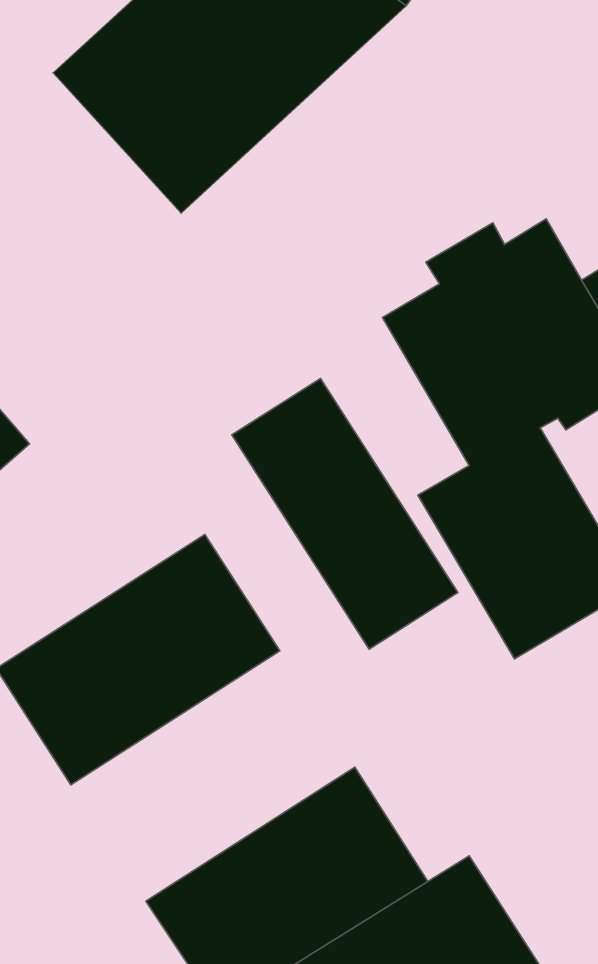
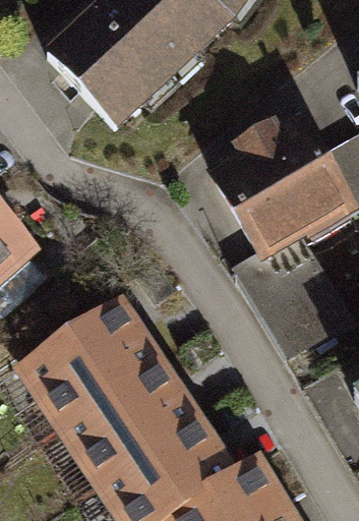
building: [232,378,458,649] -> none
building: none -> [58,355,204,484]

